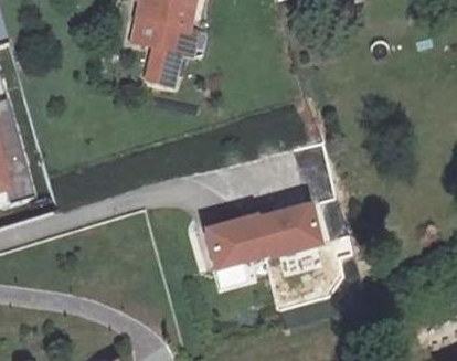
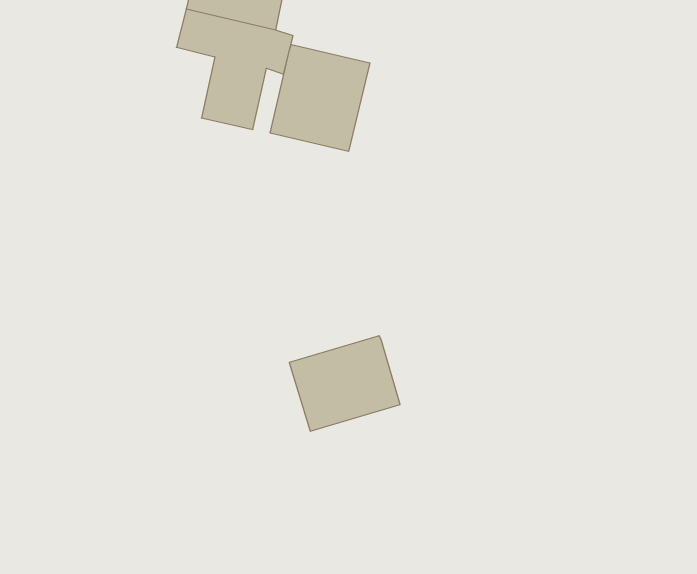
building: none -> [270,45,370,151]
building: [252,202,316,256] -> none

